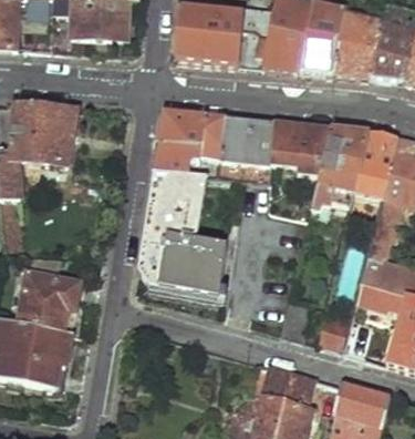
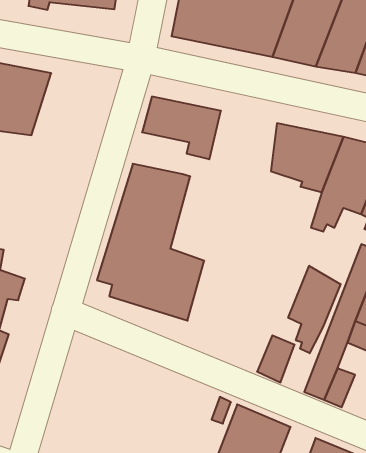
building: [220,116,273,162] -> none
building: [156,143,201,174] -> none
building: none -> [288,266,341,353]

